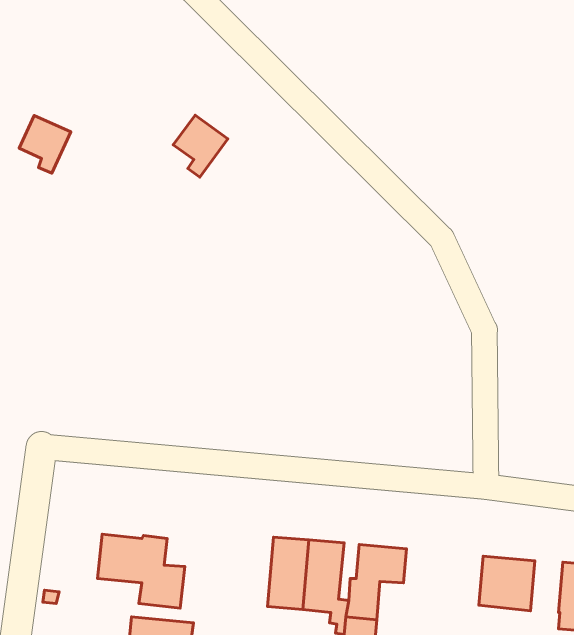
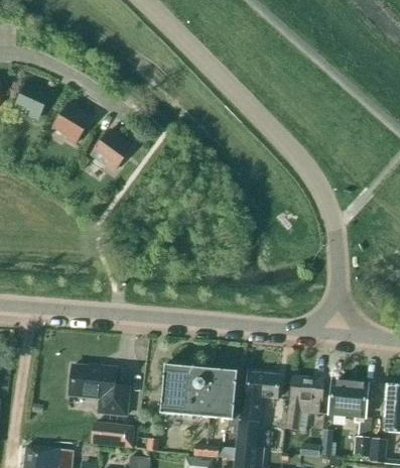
building: [173,115,228,177] -> [95,128,132,170]
building: none -> [54,102,92,143]
building: none -> [160,364,189,415]
building: none -> [286,376,324,430]

